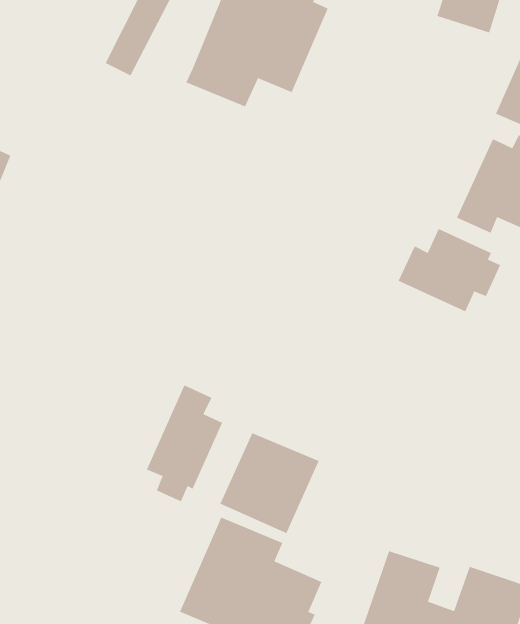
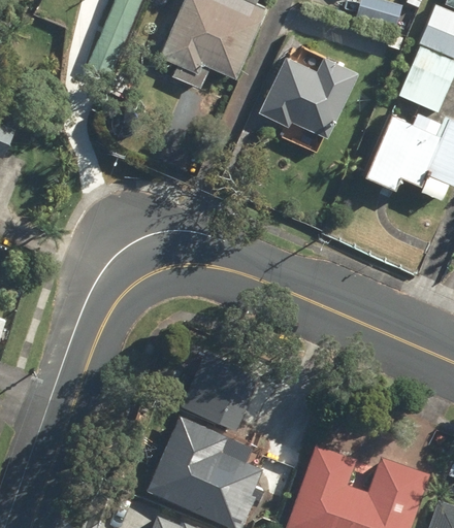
building: none -> [256,55,356,138]
building: [398,228,501,312] -> none
building: [146,385,223,502] -> none

